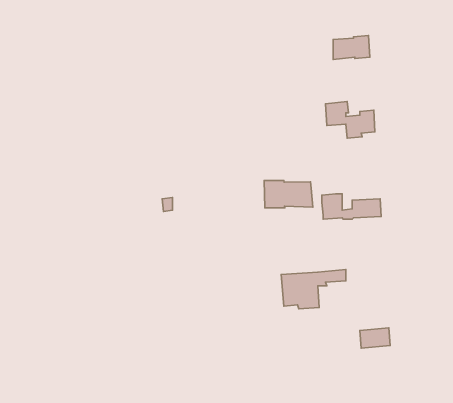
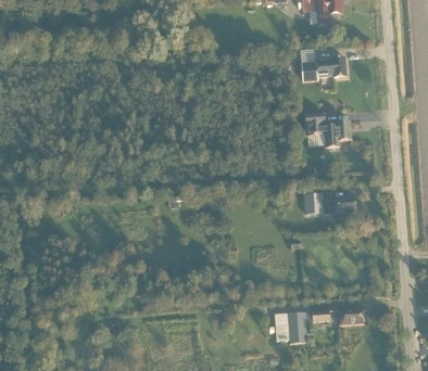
building: [264,181,313,208] -> none
building: [281,270,346,309] -> [273,308,328,342]

